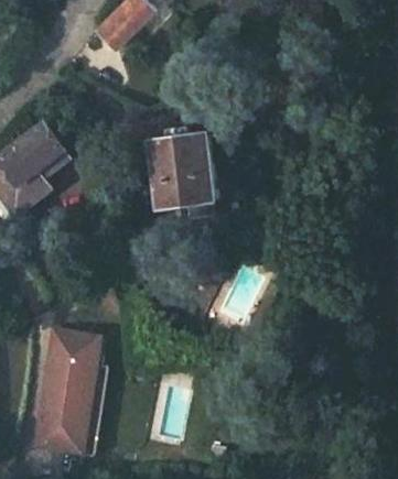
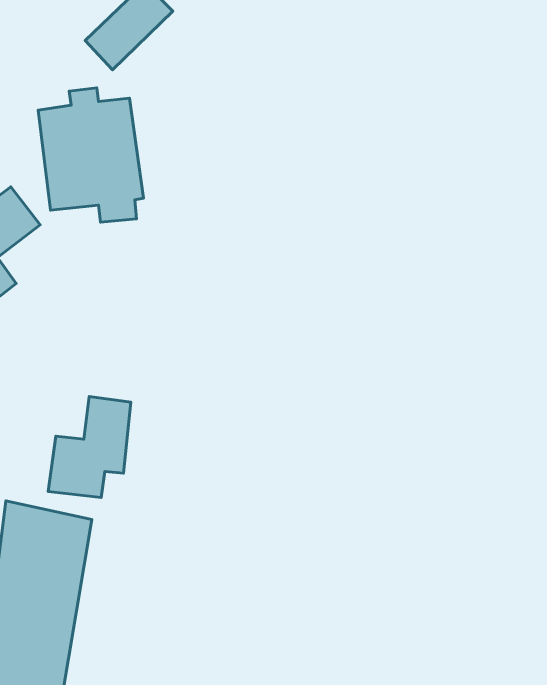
building: [152,129,219,215] -> [38,88,143,222]
building: none -> [48,397,131,498]

